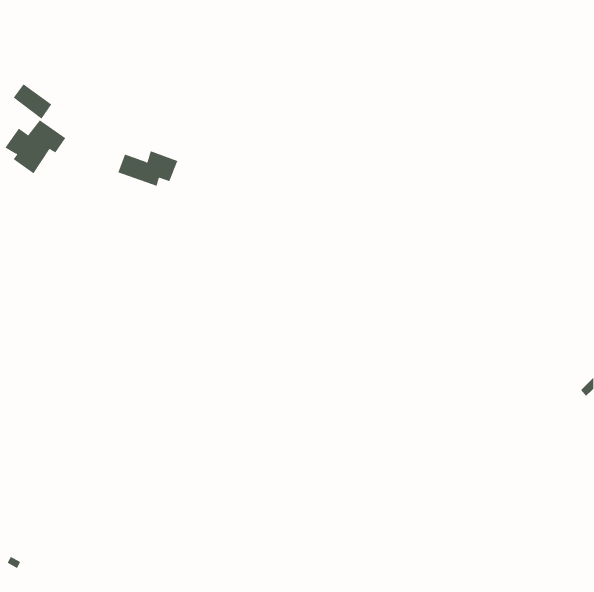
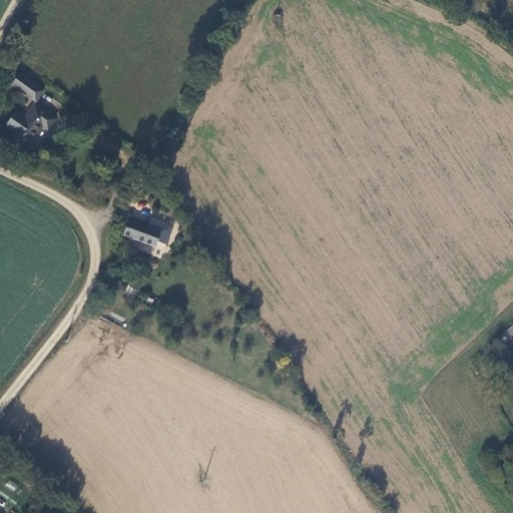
building: [118,150,178,186] -> [122,218,174,249]

